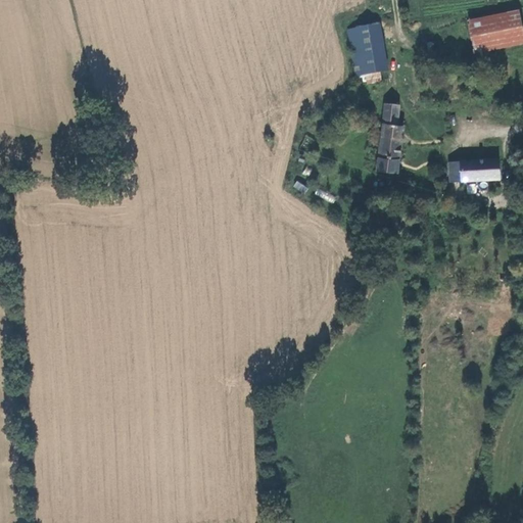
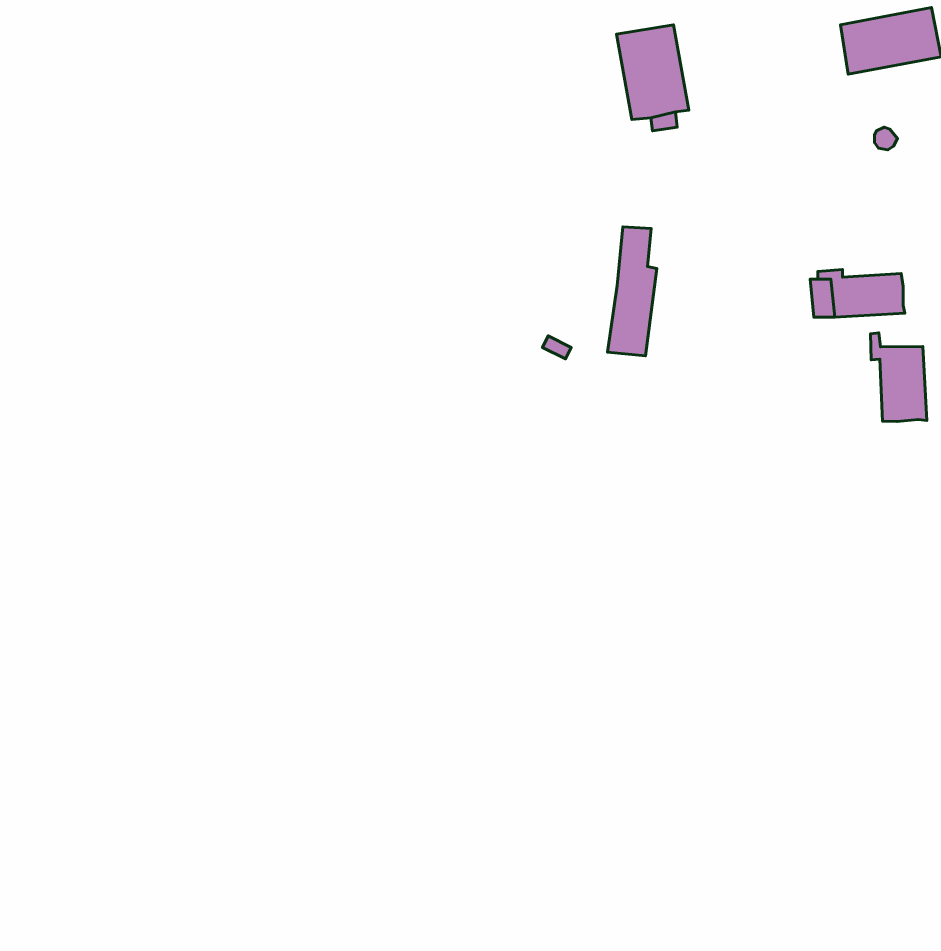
building: [378,102,405,172] -> [608,227,657,356]
building: none -> [871,333,927,422]

